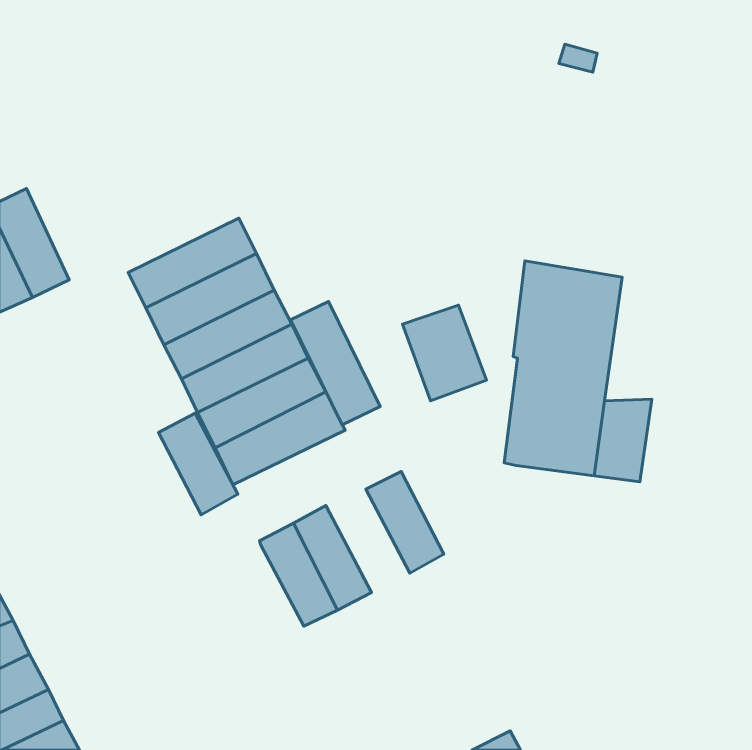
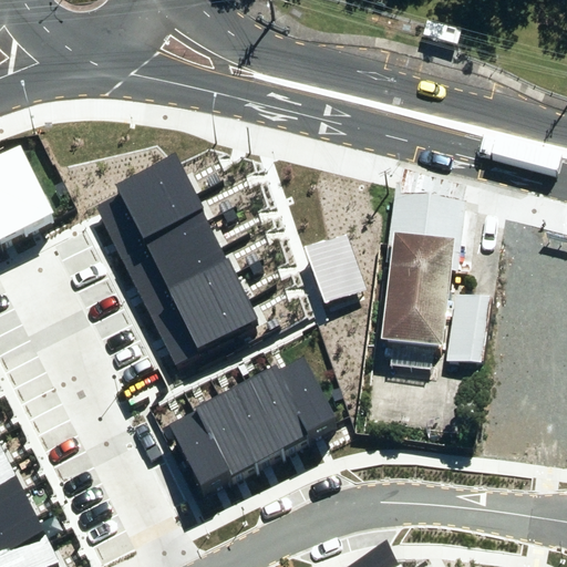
building: [291,302,380,425] -> none
building: [158,413,238,515] -> [168,410,228,486]
building: none -> [245,365,308,445]

